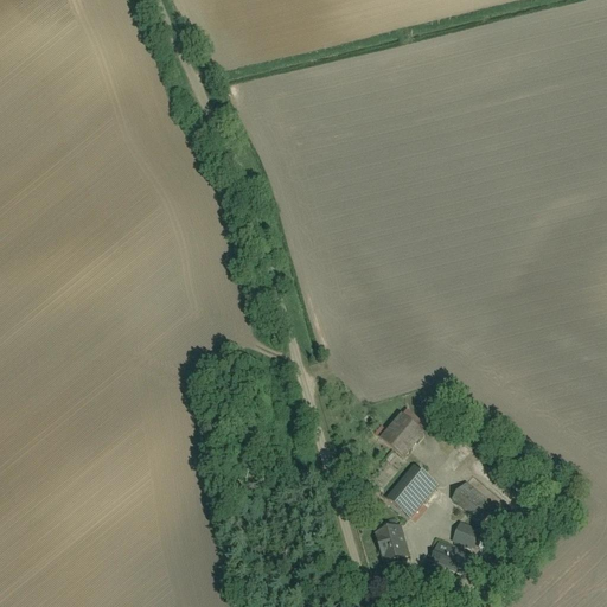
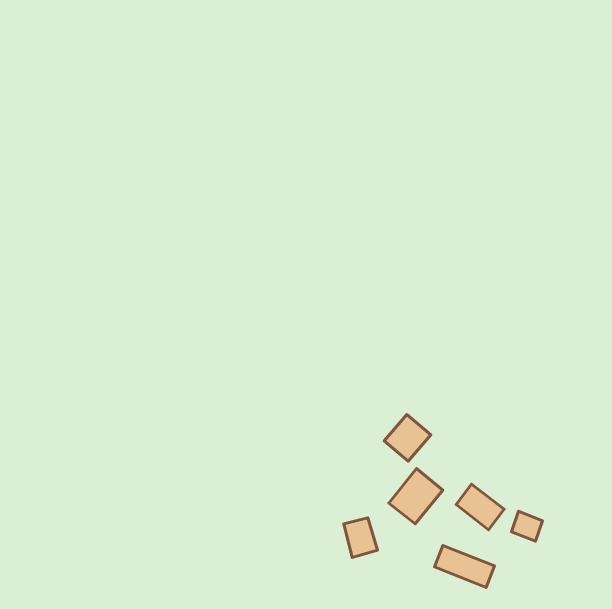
building: [452,519,483,549] -> [511,511,543,541]
building: [377,523,410,562] -> [344,518,377,557]

